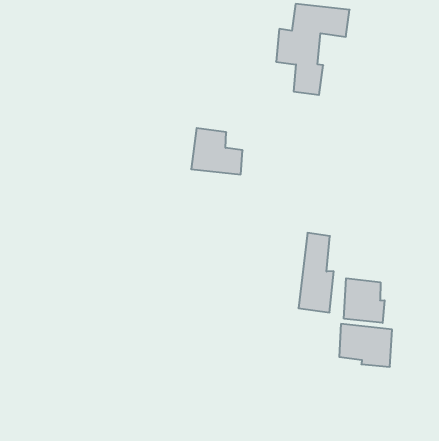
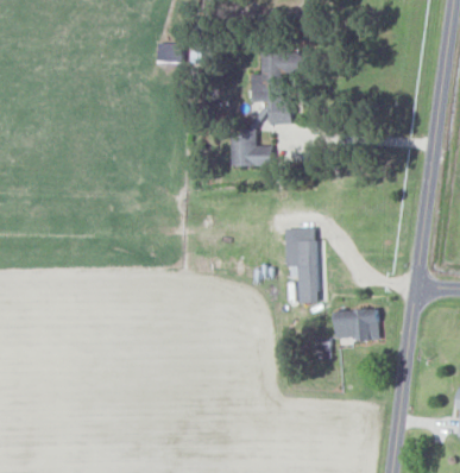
building: [191,128,243,174] -> [229,132,271,166]
building: [344,278,385,323] -> none

